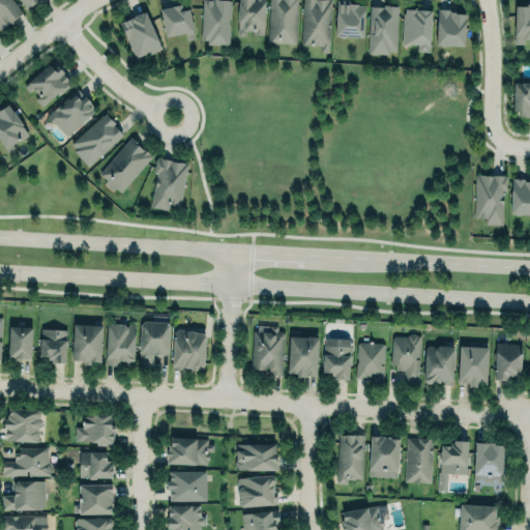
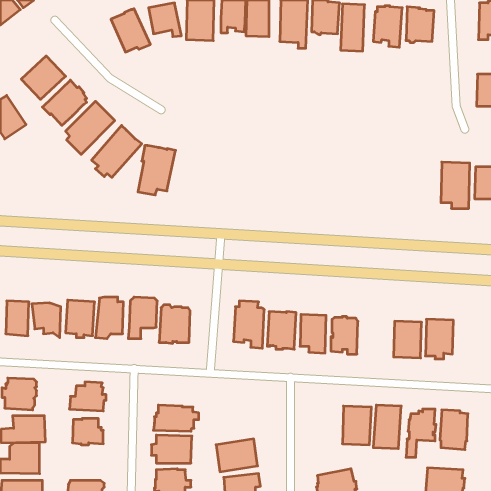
building: [392,334,422,385] -> none
building: [495,343,524,381] -> none
building: [334,433,364,483] -> none
building: [236,444,278,471] -> none
building: [76,482,114,514] -> none

